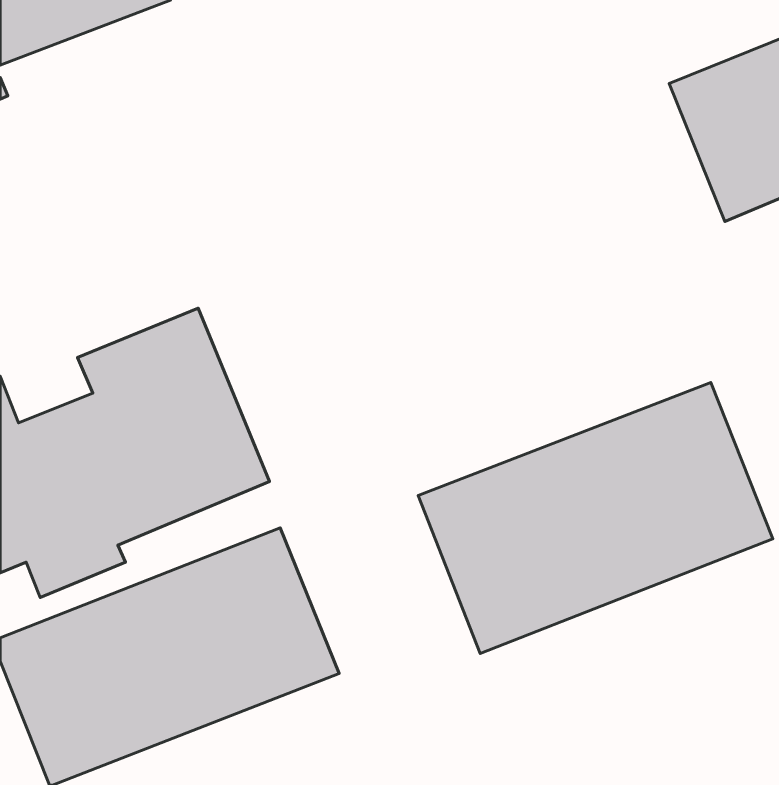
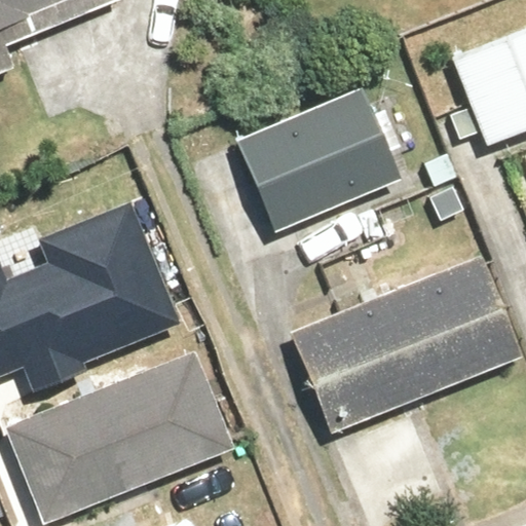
building: none -> [235,89,401,233]

